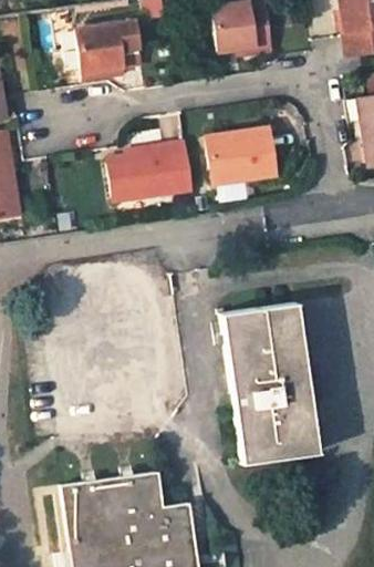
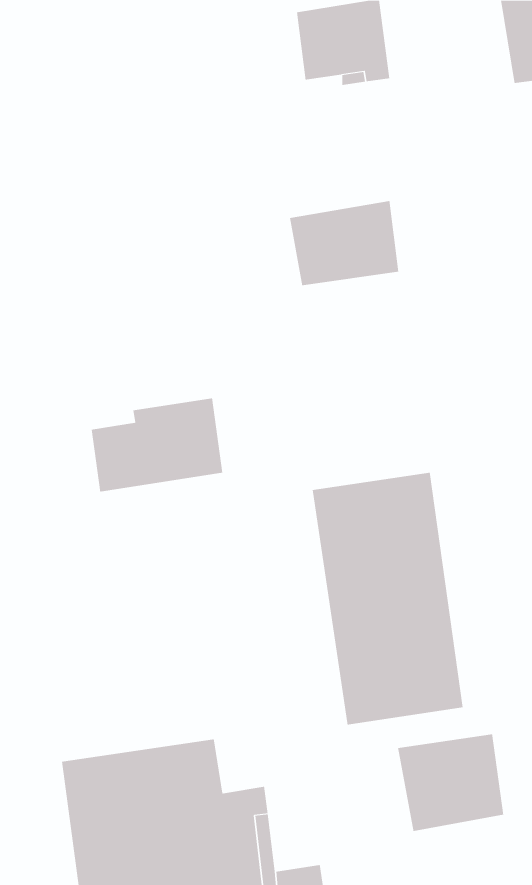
building: [76,24,142,75] -> none
building: [108,143,193,203] -> [91,398,223,492]
building: none -> [397,733,504,832]

